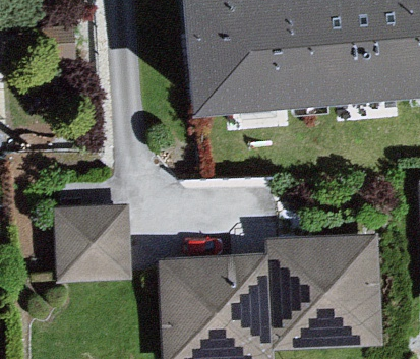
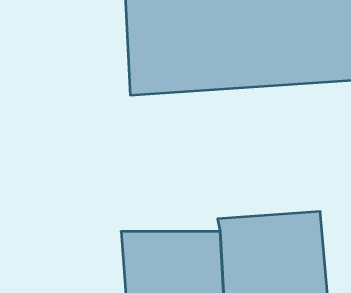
building: [52,218,138,291] -> none

